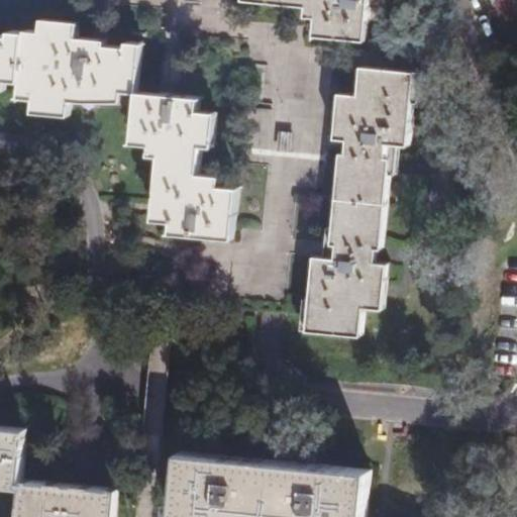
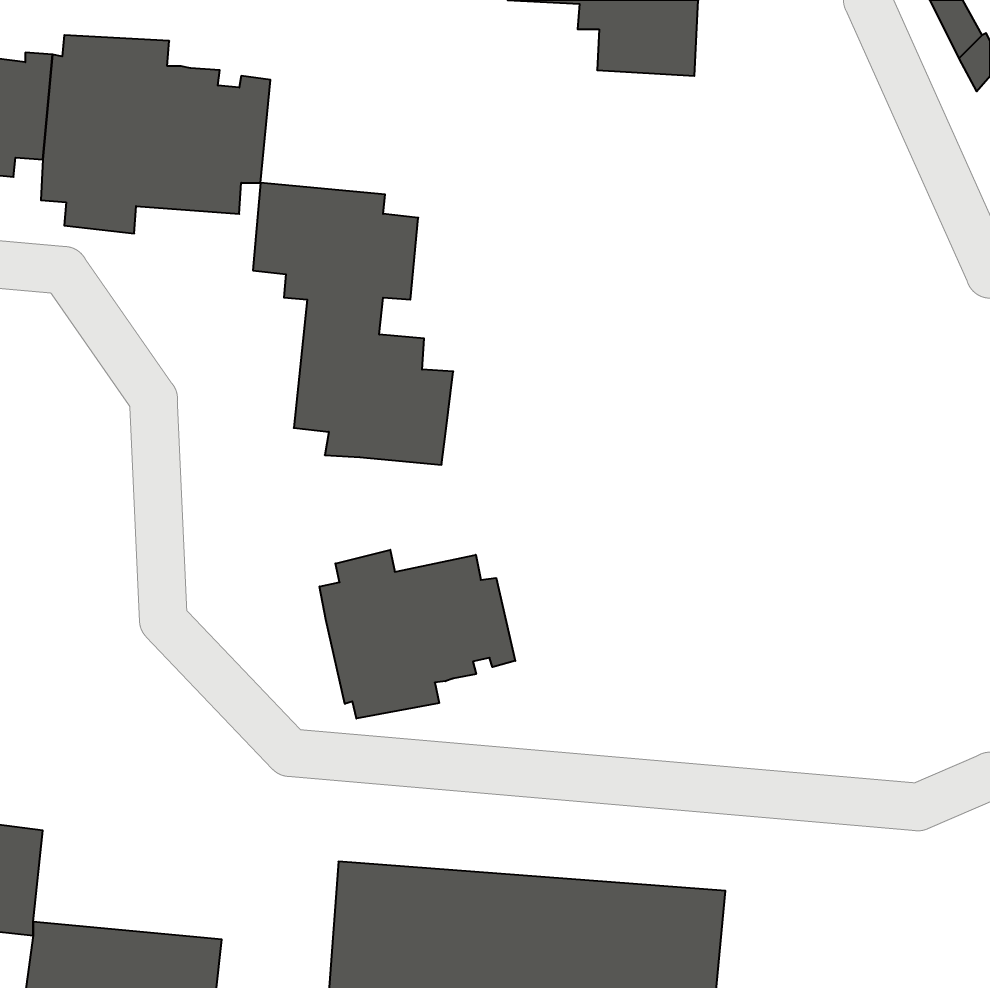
building: [302,64,409,332] -> none
building: none -> [320,550,515,719]

